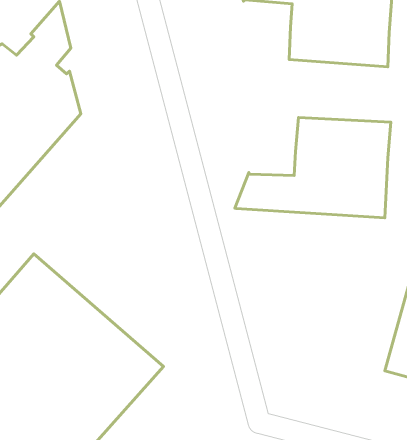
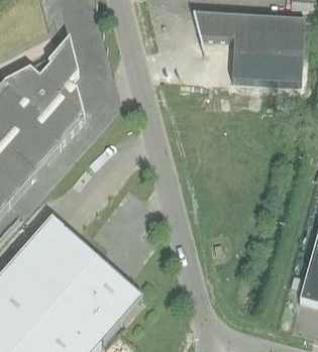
building: [235,117,391,218] -> none

